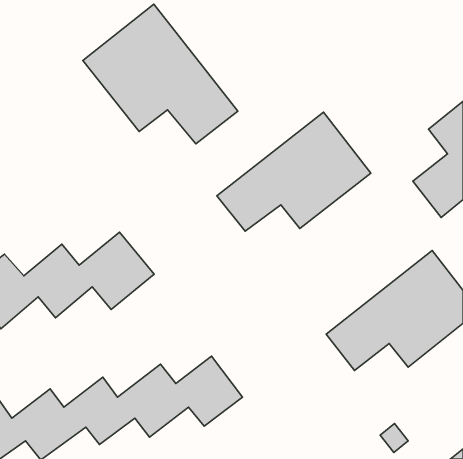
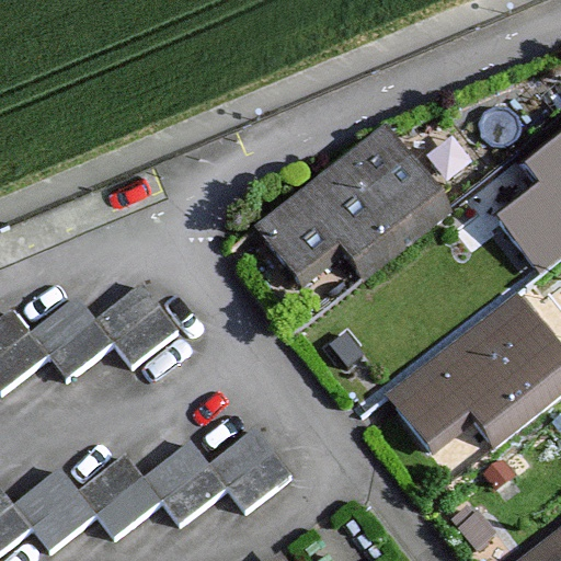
building: [83,4,238,144] -> none

